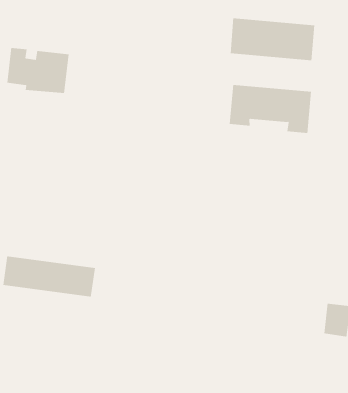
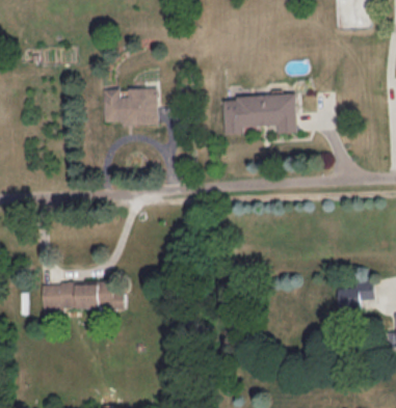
building: [230,18,315,61] -> none
building: [6,48,69,94] -> [103,87,158,126]

